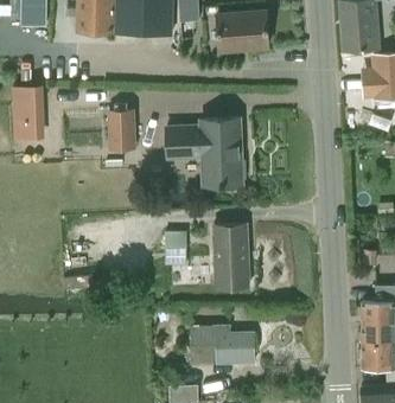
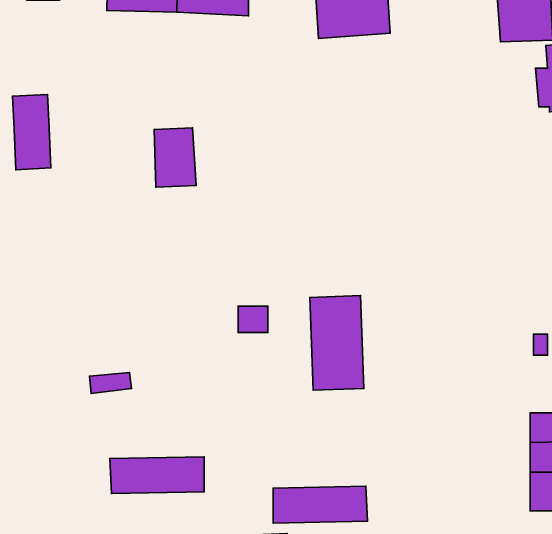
building: [166,117,246,185] -> none
building: [187,328,251,353] -> [110,457,204,494]

